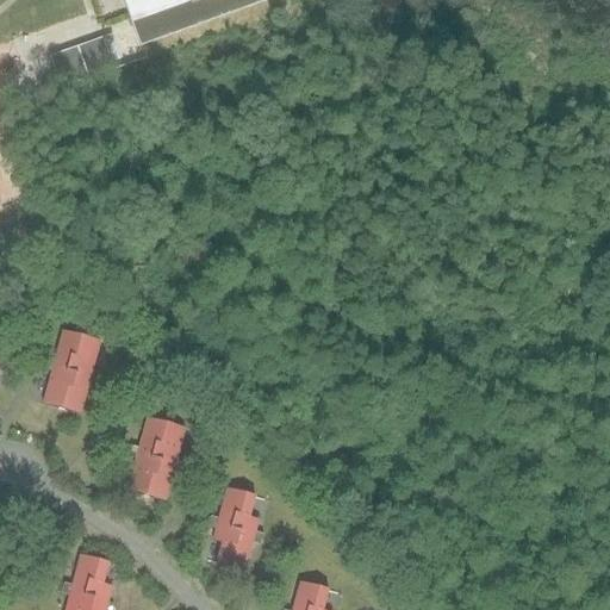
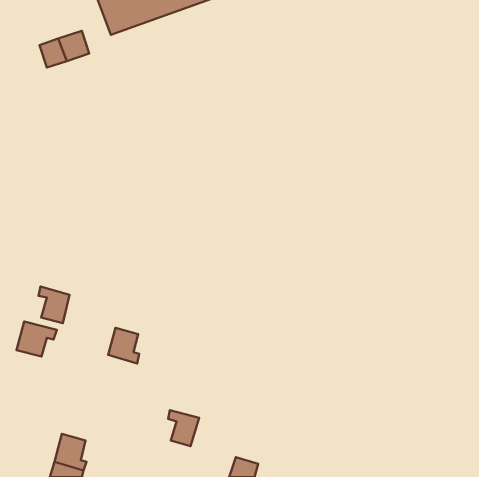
building: [52,328,93,374] -> none
building: none -> [16,321,57,357]
building: [135,450,175,497] -> none
building: [217,485,257,530] -> none

